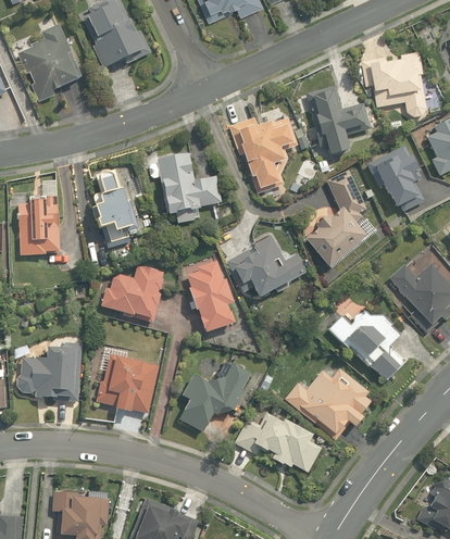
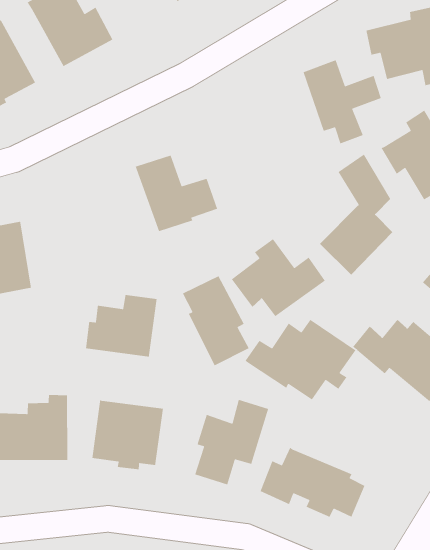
building: [227,115,297,189] -> none
building: [91,166,140,235] -> none
building: [282,367,376,436] -> [245,319,356,400]

